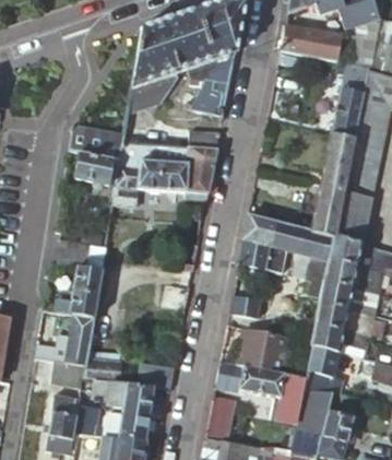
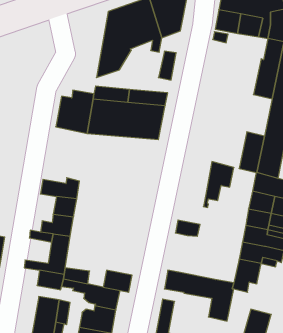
building: [322,134,355,188] -> none
building: [240,214,277,268] -> none
building: [300,228,334,295] -> none
building: [233,328,289,373] -> none

